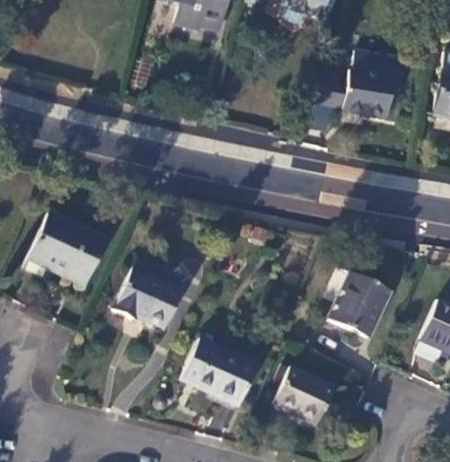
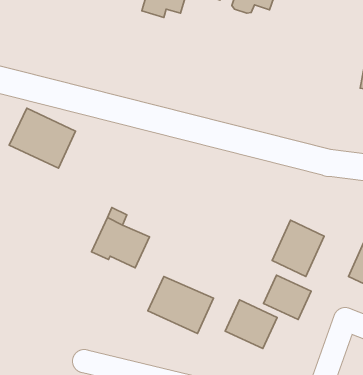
building: [314,49,404,117] -> none
building: [28,213,107,284] -> [9,108,75,168]
building: none -> [264,275,311,320]

